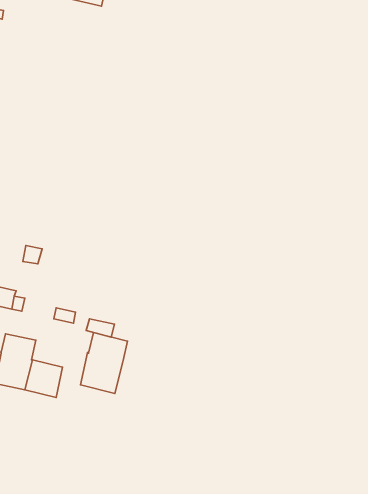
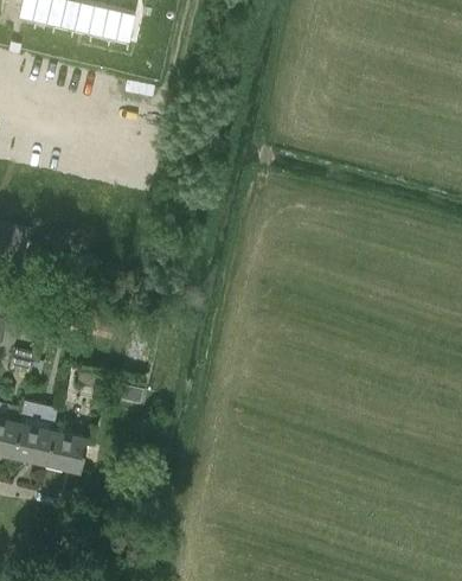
building: [81,333,128,393] -> none

